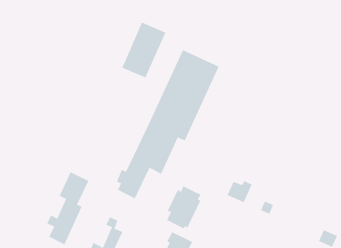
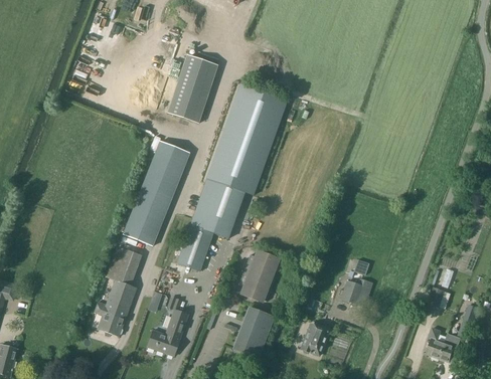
building: none -> [122,140,190,245]
building: [227,180,253,203] -> [341,278,371,306]

